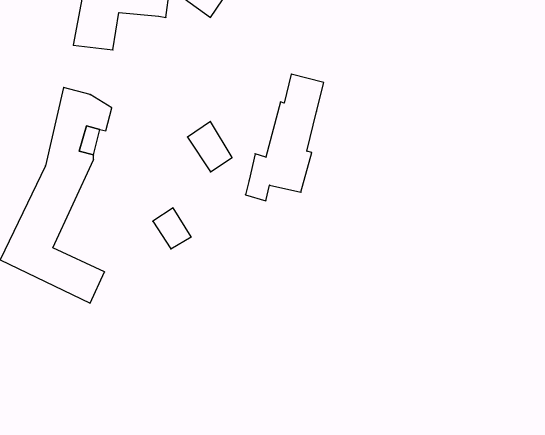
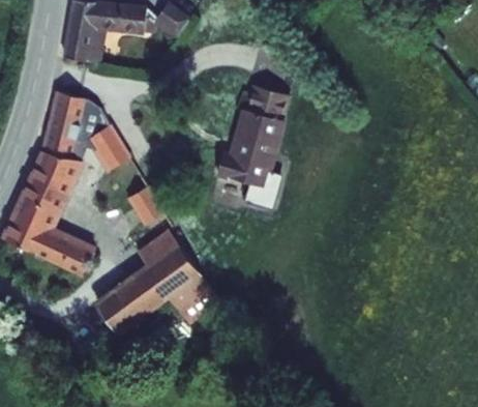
building: [187,121,232,172] -> [94,132,132,175]
building: none -> [104,235,210,333]

